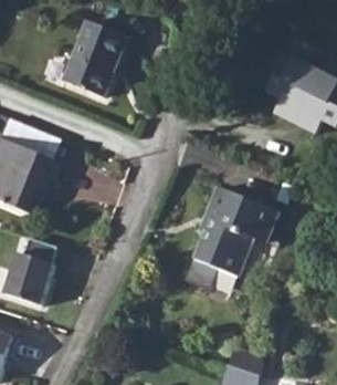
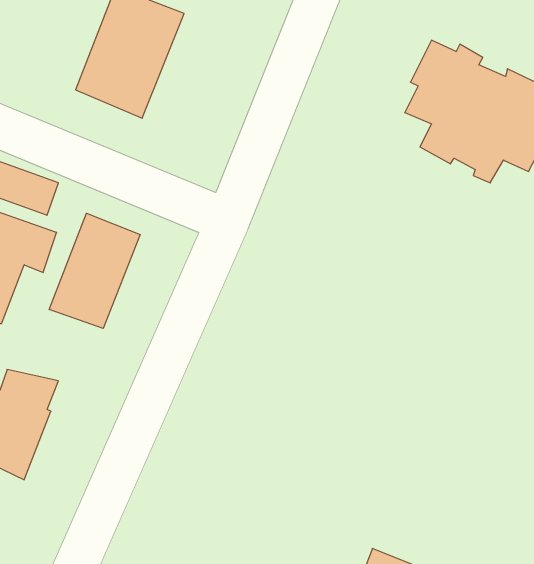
building: none -> [49,213,140,328]
building: [185,190,268,279] -> none

